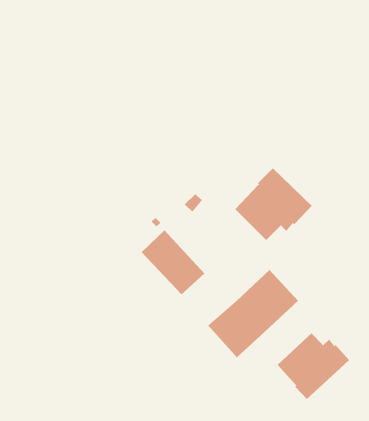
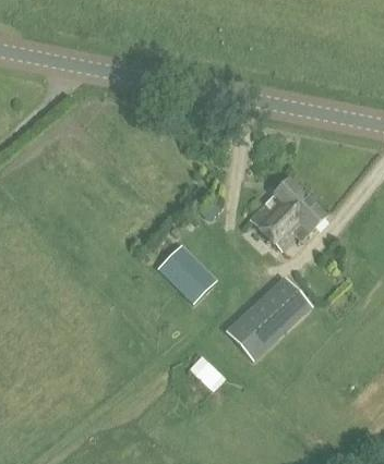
building: [277,332,350,400] -> none

